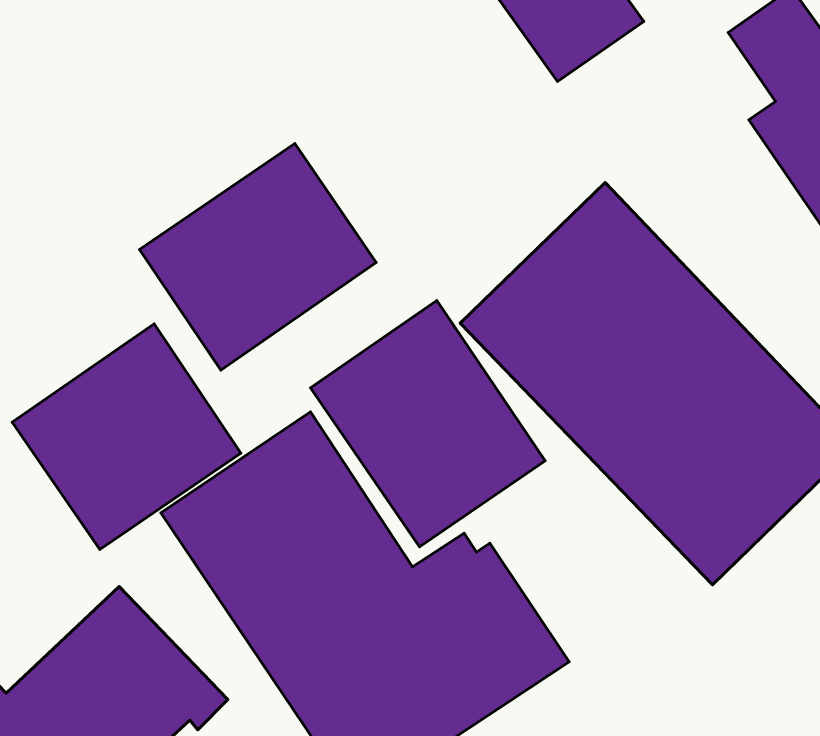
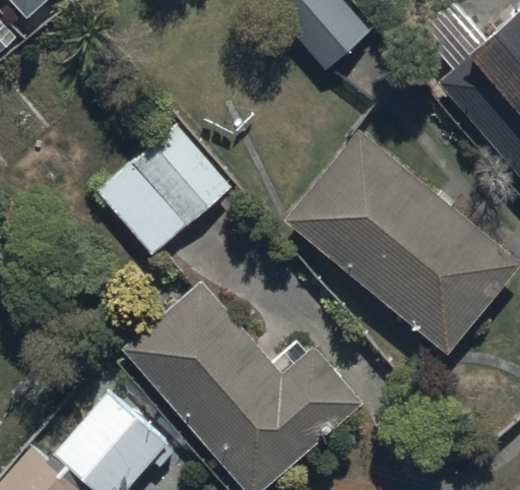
building: [311,300,545,547] -> none
building: [12,324,241,550] -> none

